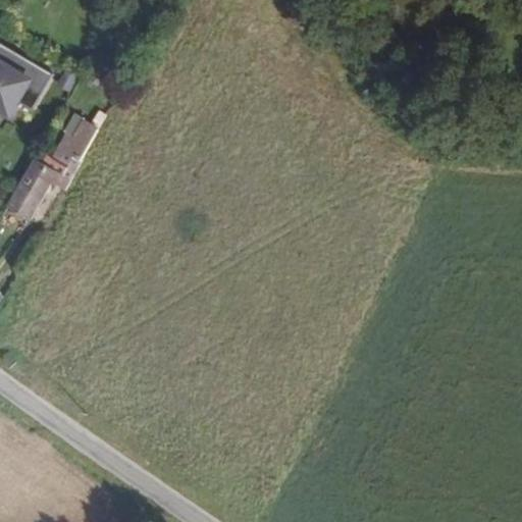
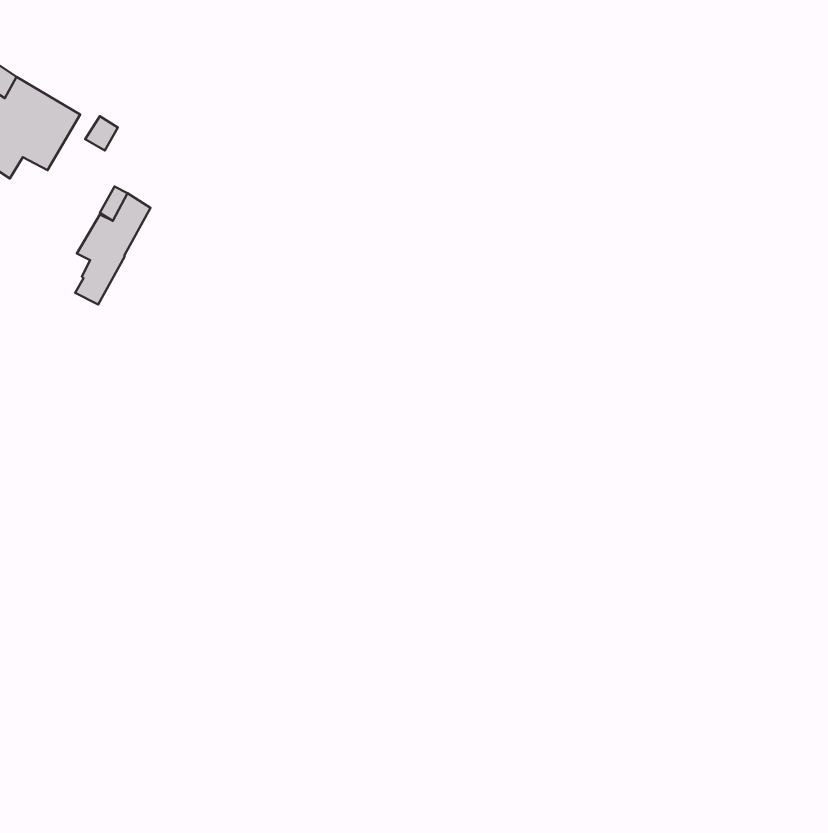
building: [4,158,56,220] -> none

